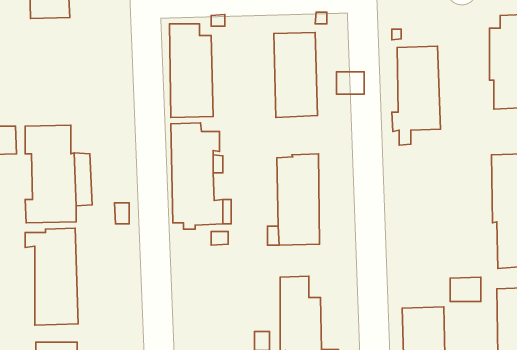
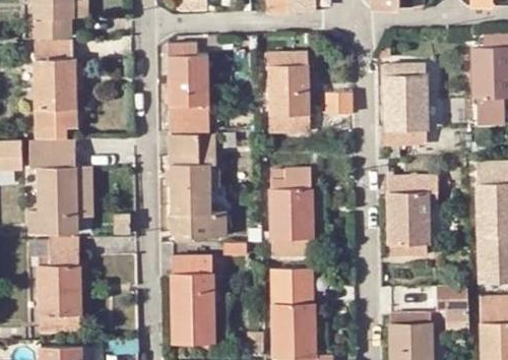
building: none -> [34,42,76,137]
building: none -> [376,159,437,255]
building: none -> [171,259,211,349]

